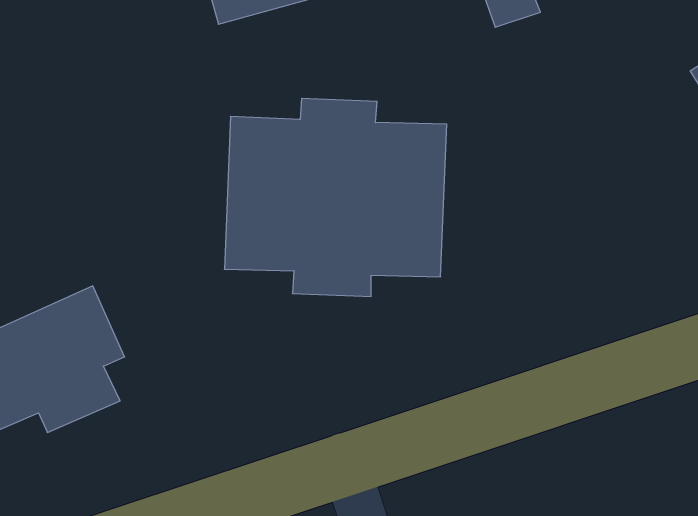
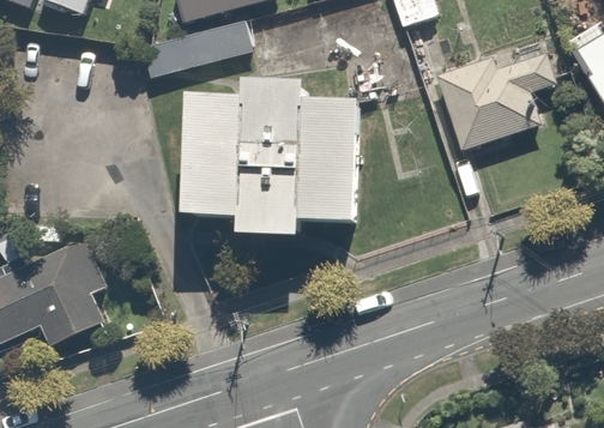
building: none -> [143,18,253,76]
building: none -> [434,42,554,155]

